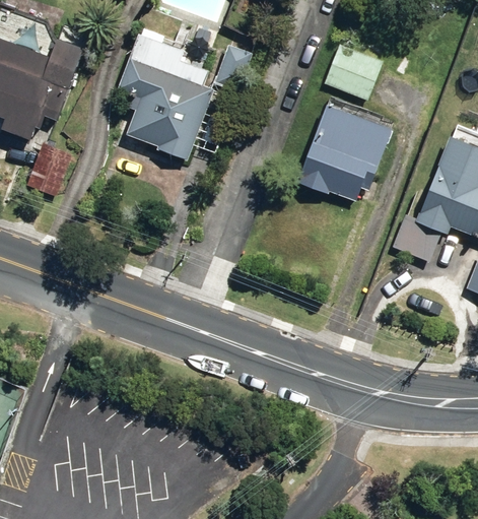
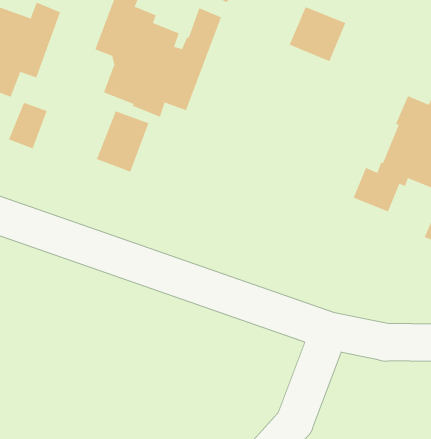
building: [296,104,392,200] -> none
building: none -> [96,110,149,172]

